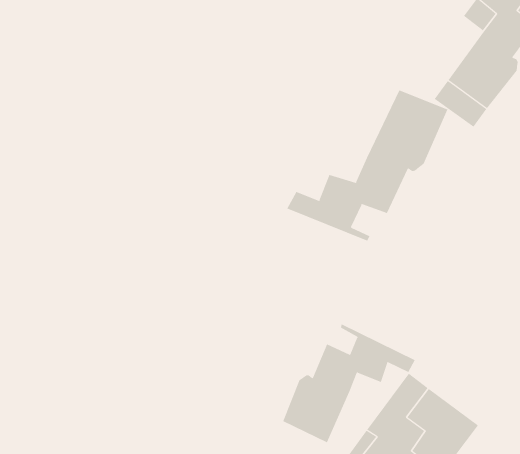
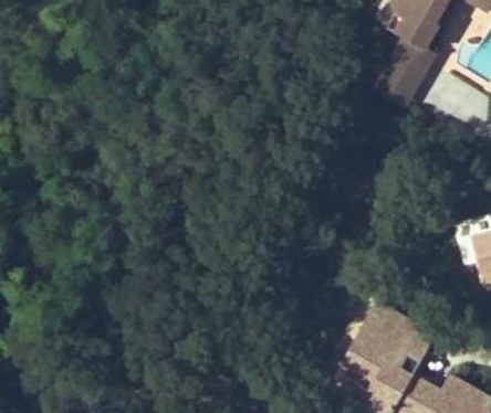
building: [287,90,448,242] -> none
building: [283,323,415,443] -> none

